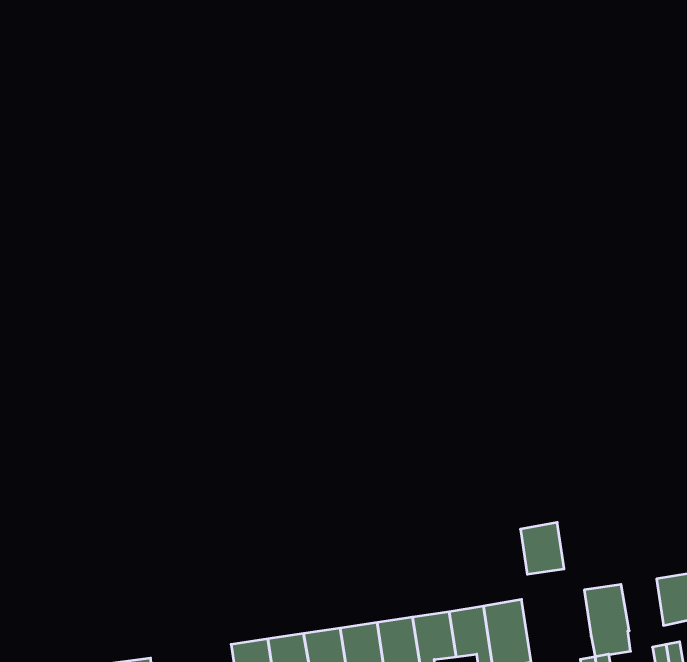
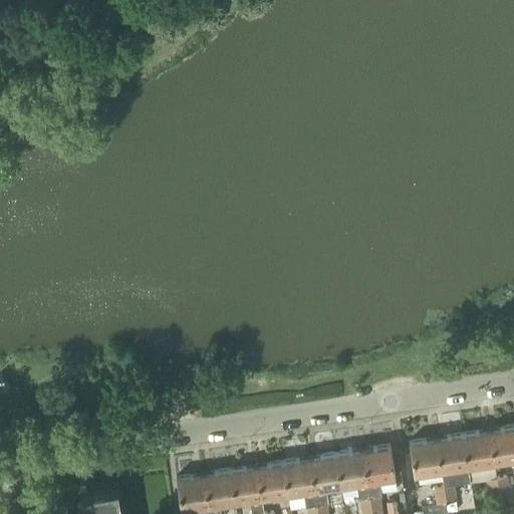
building: [520,522,564,574] -> [409,442,441,480]
building: none -> [463,434,494,472]

